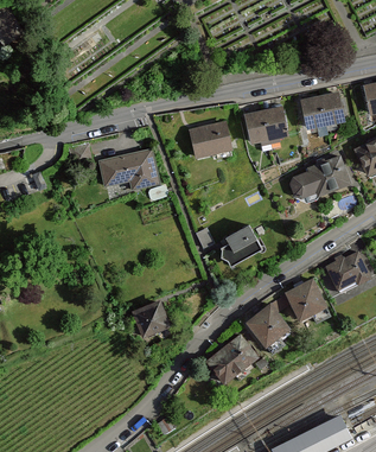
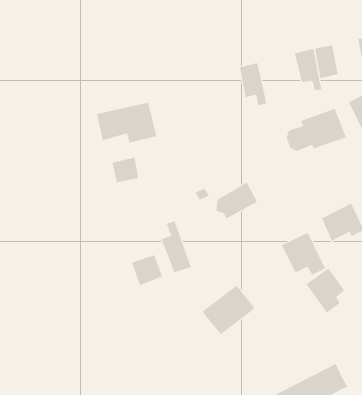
building: [262,102,288,139] -> none
building: [189,121,231,158] -> none
building: none -> [112,157,139,183]
building: none -> [161,221,191,273]
building: [249,308,289,355] -> [305,268,345,313]

